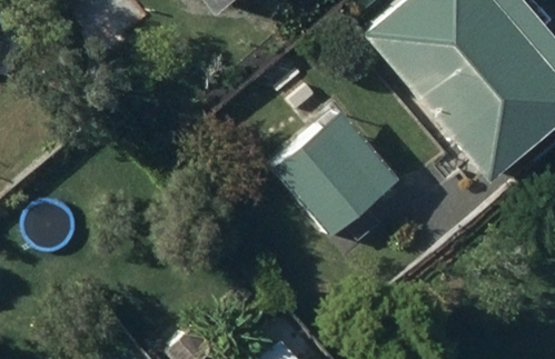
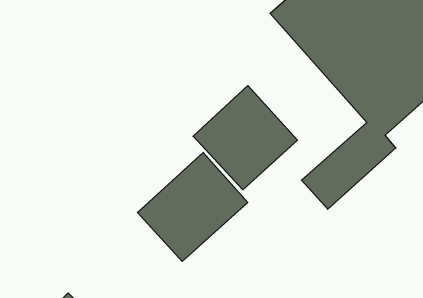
building: none -> [137,152,248,261]

